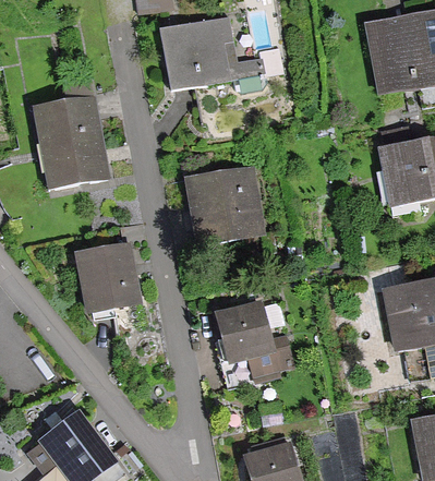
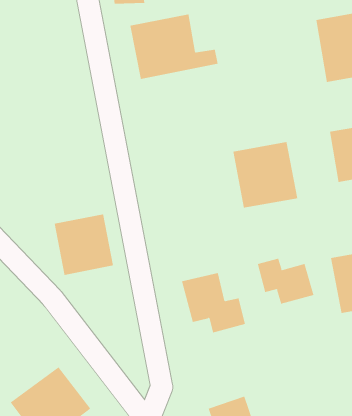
building: [34,74,110,187] -> none
building: [188,168,261,242] -> [232,142,298,208]
building: none -> [257,258,314,304]

